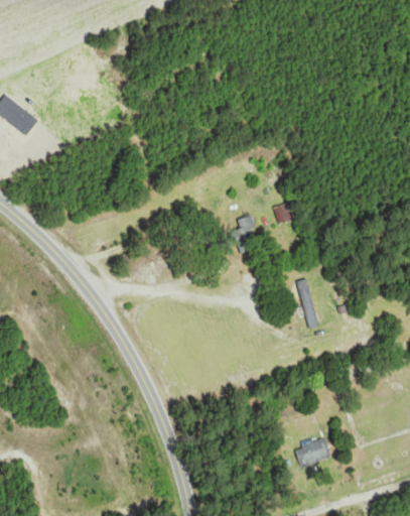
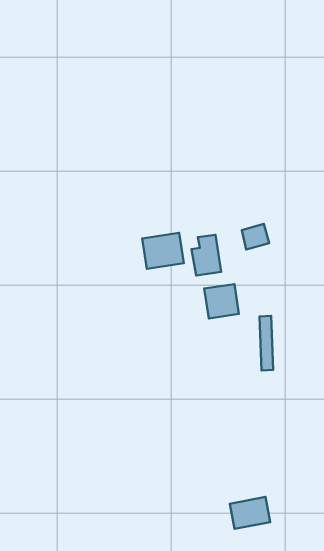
building: none -> [142,233,184,269]
building: none -> [204,284,239,318]

